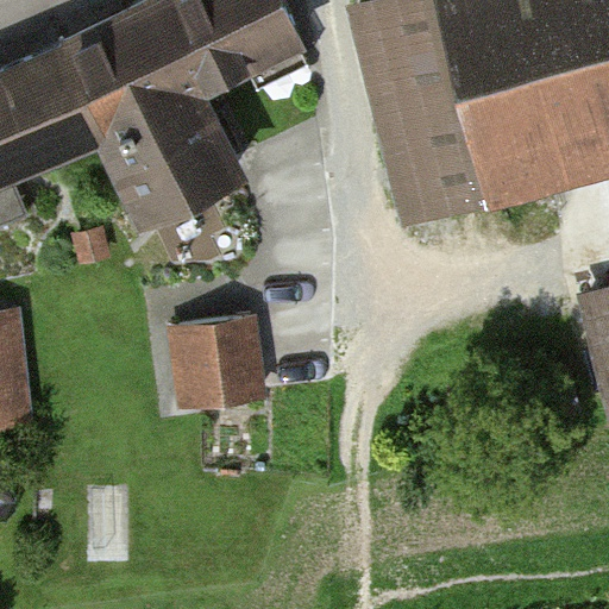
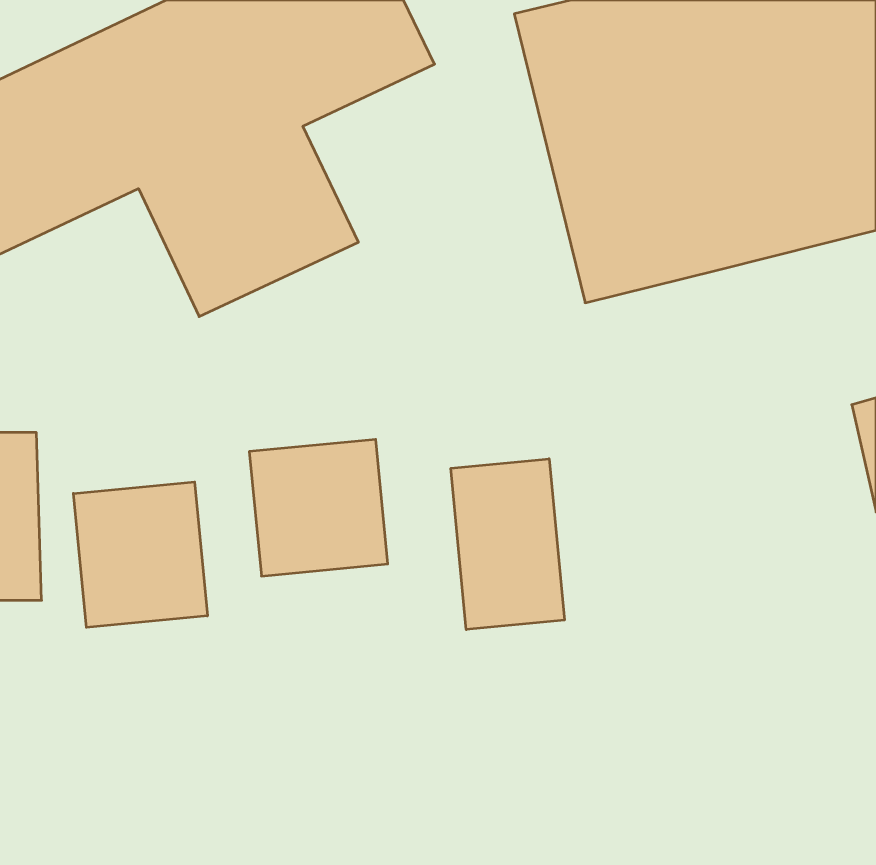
building: none -> [451,459,564,630]
building: none -> [73,482,207,627]

